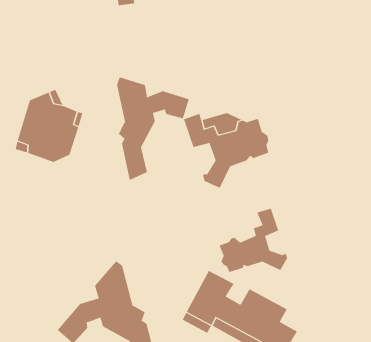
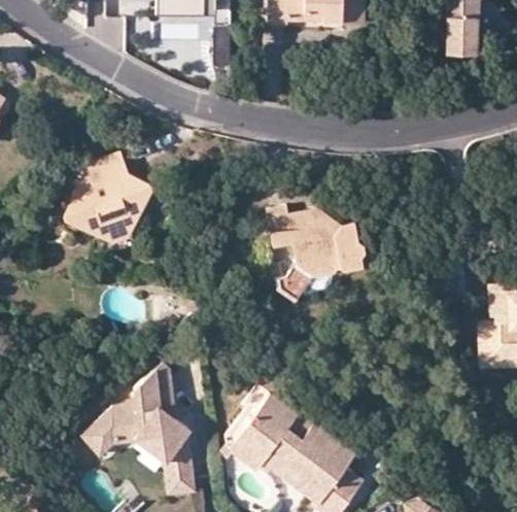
building: [117,77,189,181] -> none
building: [219,208,288,273] -> none

